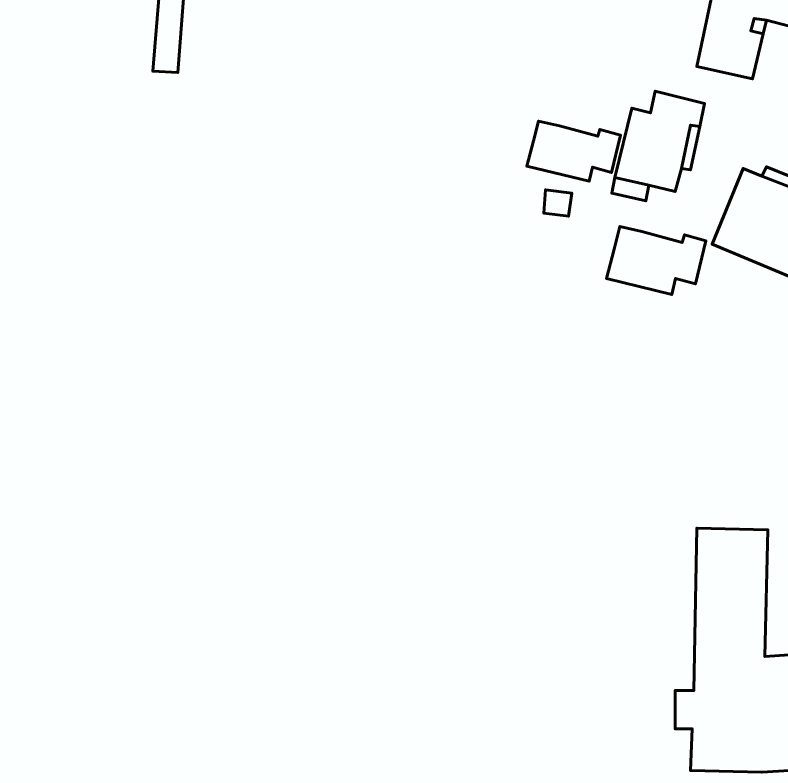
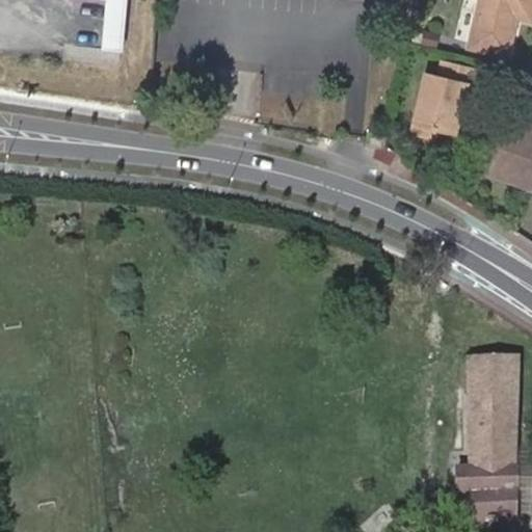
building: [527,121,620,181] -> none
building: [606,227,706,295] -> none

